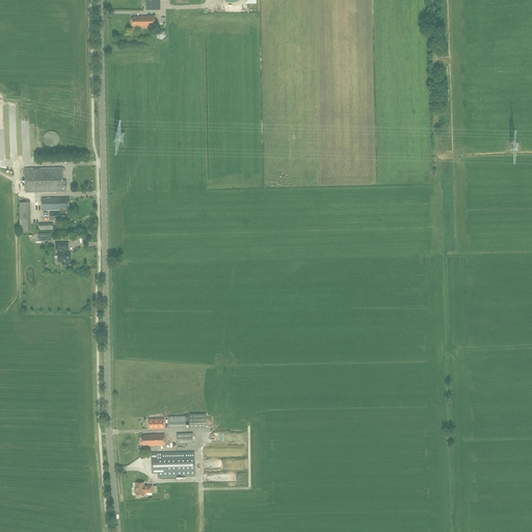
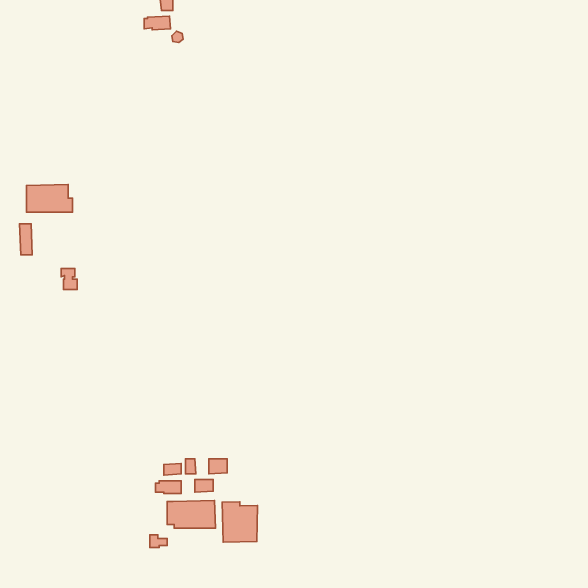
building: [41,196,69,218] -> none
building: none -> [222,502,257,542]

